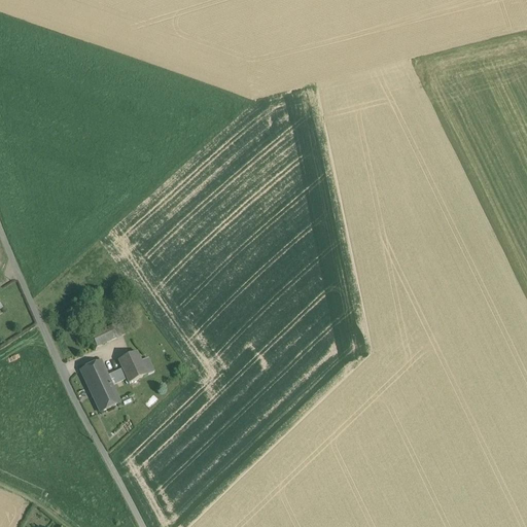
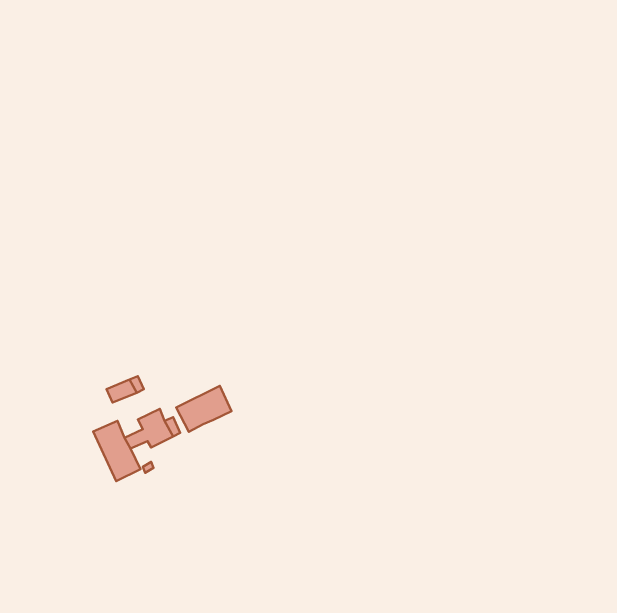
building: none -> [176,386,232,432]

